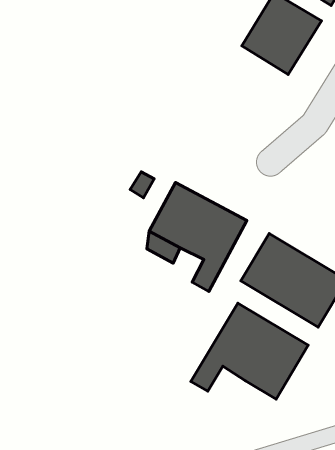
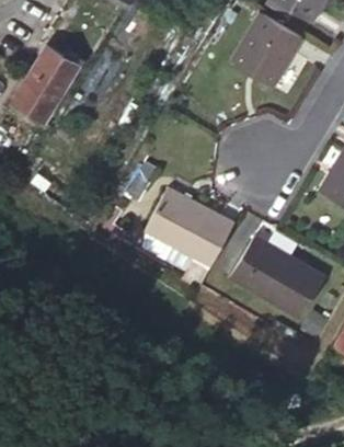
building: none -> [12,44,80,121]
building: [191,303,308,399] -> none

